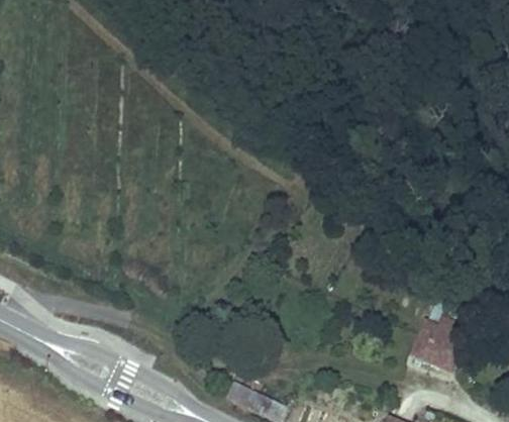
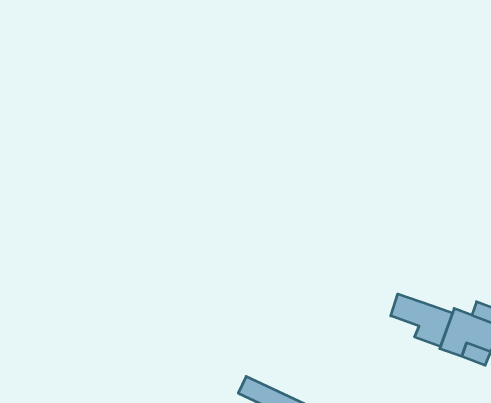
building: none -> [391,294,452,346]

